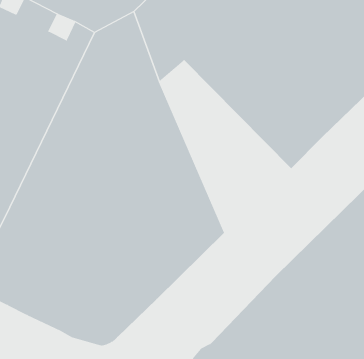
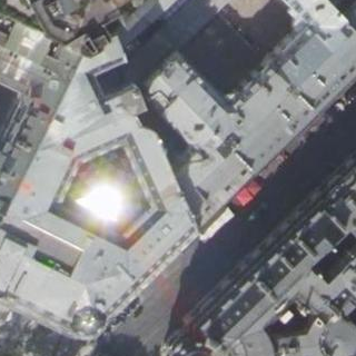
building: none -> [148,75,267,230]

